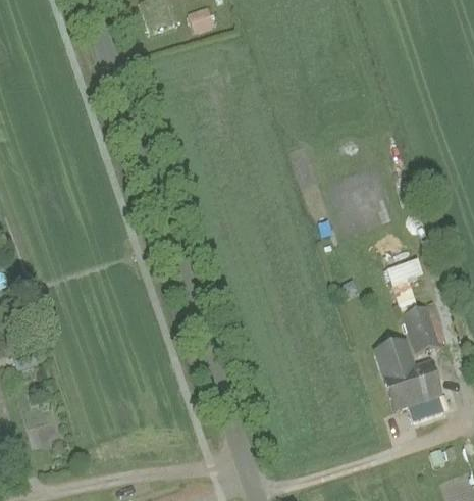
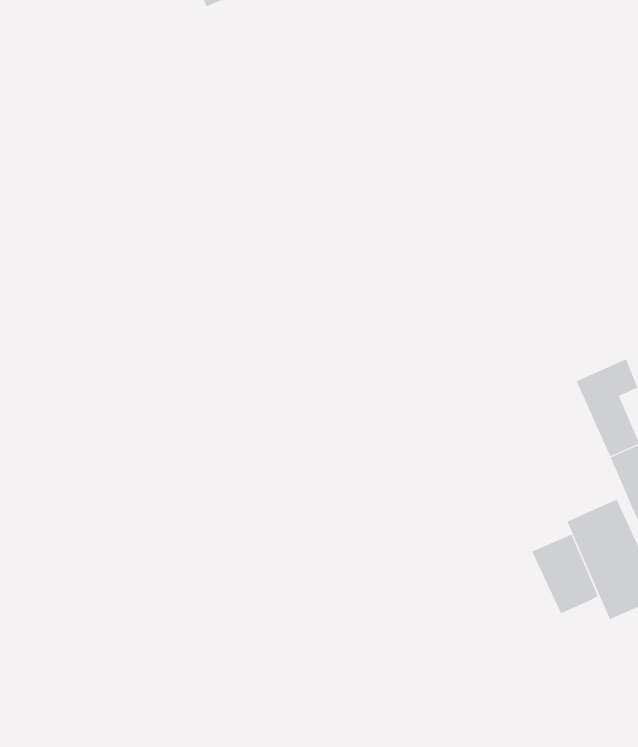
building: none -> [532,534,598,614]

